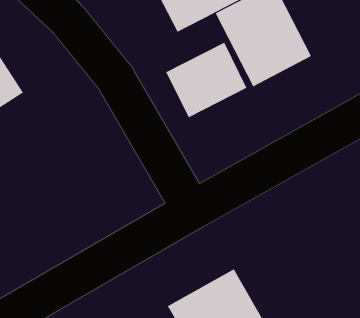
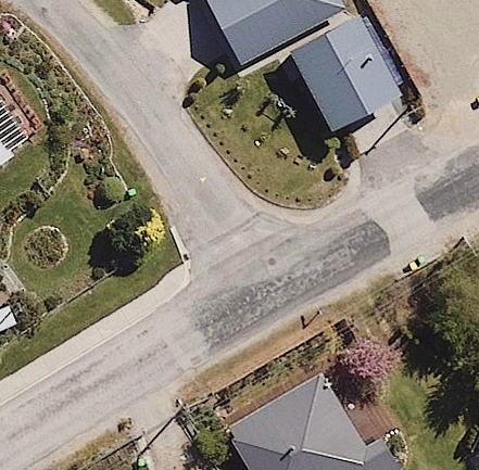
building: [166,42,247,118] -> none

